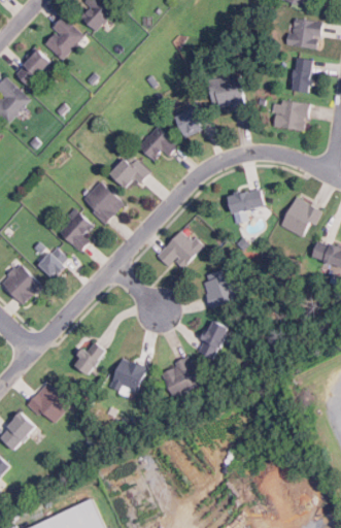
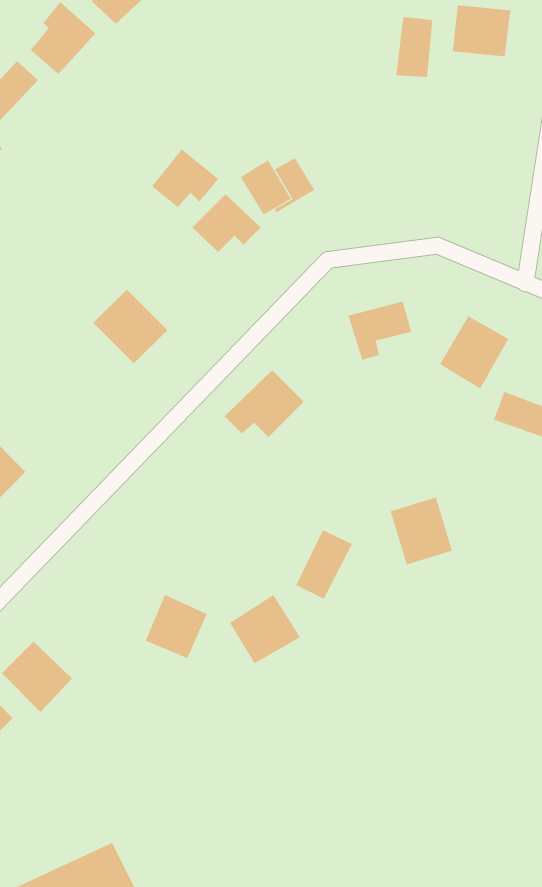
building: [291,58,312,93] -> [395,16,433,77]
building: [208,75,243,109] -> none
building: [274,100,308,132] -> none
building: [110,155,149,189] -> [151,149,219,208]
building: [57,210,93,252] -> none
building: [38,248,68,277] -> none
building: [201,268,237,307] -> [390,497,453,565]
building: [71,340,106,375] -> none

